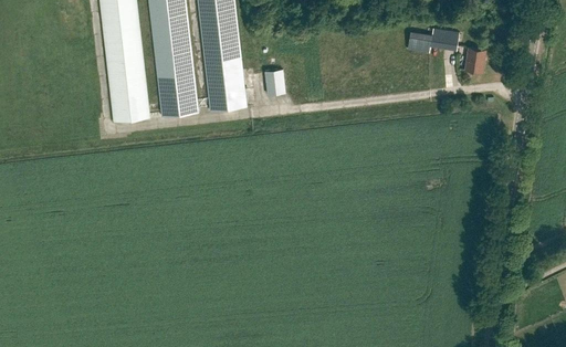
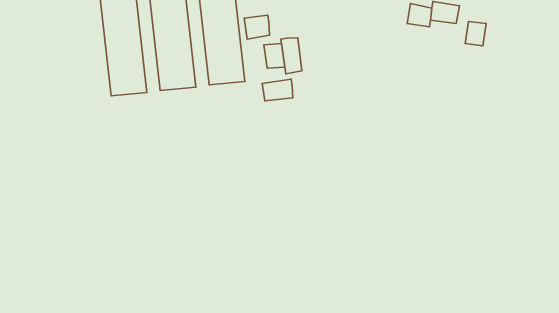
building: none -> [244,15,270,39]
building: none -> [281,38,302,74]
building: none -> [262,79,293,101]

